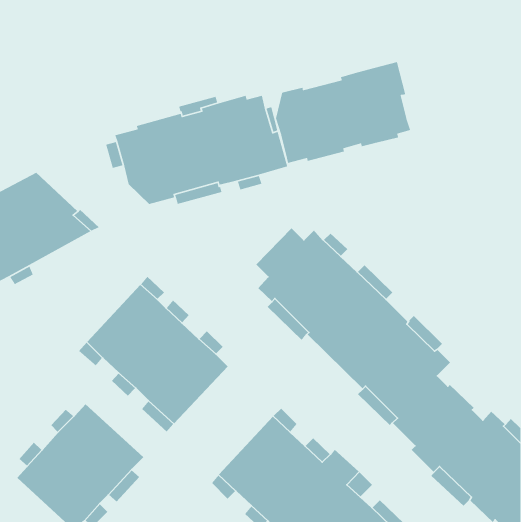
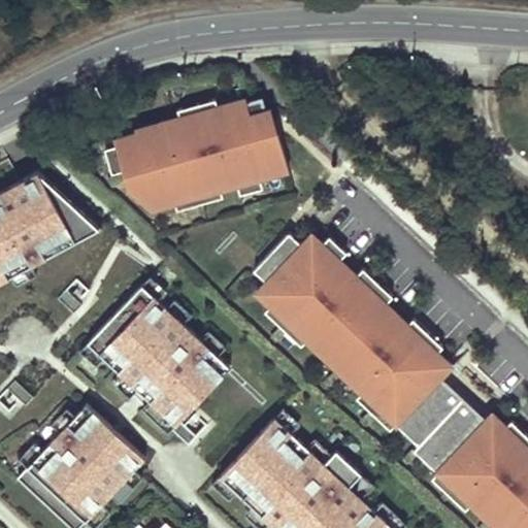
building: [275,61,411,164] -> none

